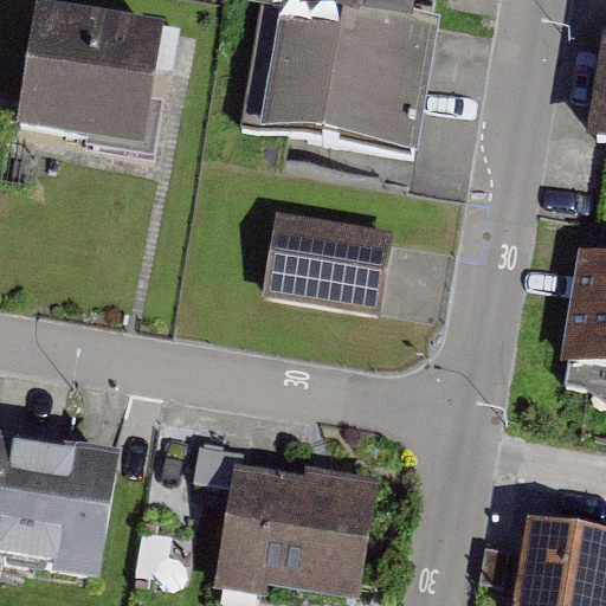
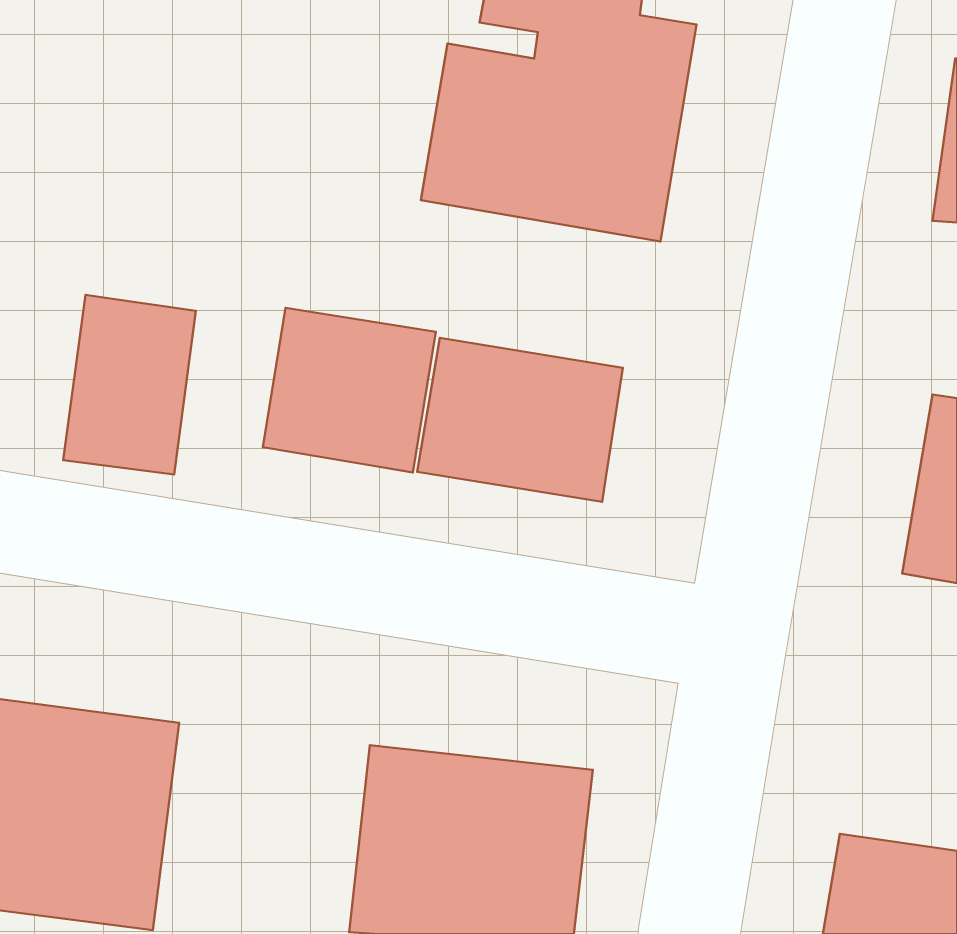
building: [20,6,160,146] -> none
building: none -> [63,295,196,474]
building: none -> [263,308,436,472]

